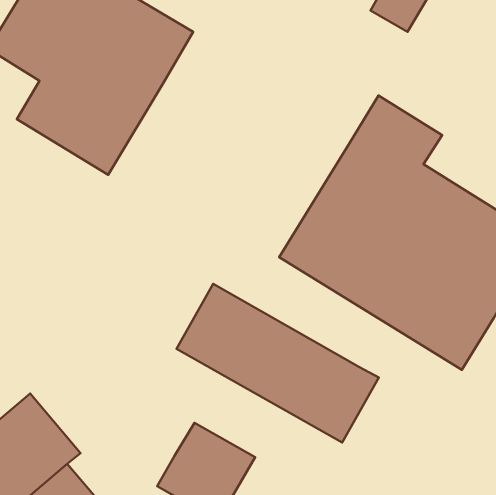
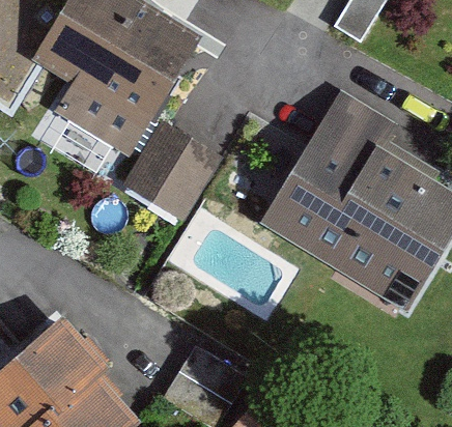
building: none -> [124,122,220,221]
building: [177,284,379,443] -> none

